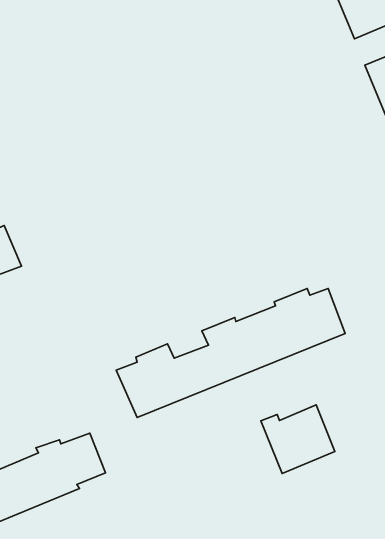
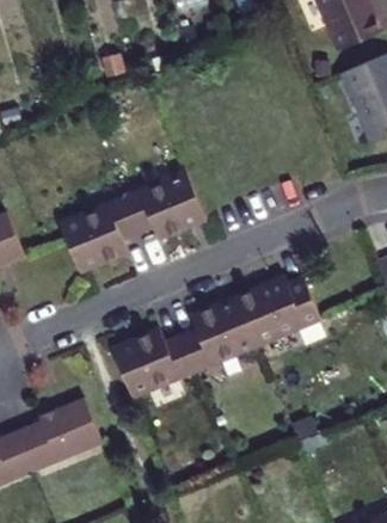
building: none -> [59,168,203,263]
building: [261,405,335,473] -> none

